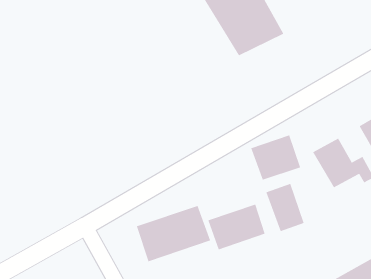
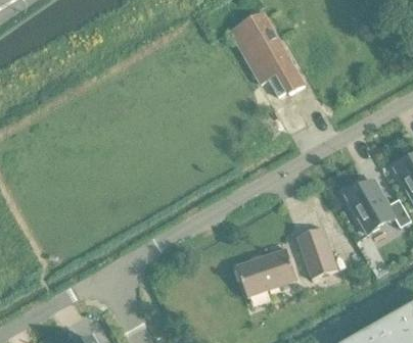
building: [251,134,301,181] -> none
building: [136,205,211,262] -> none

